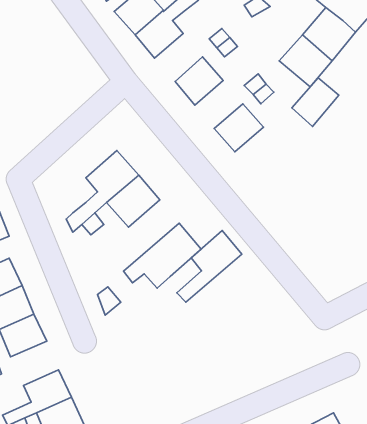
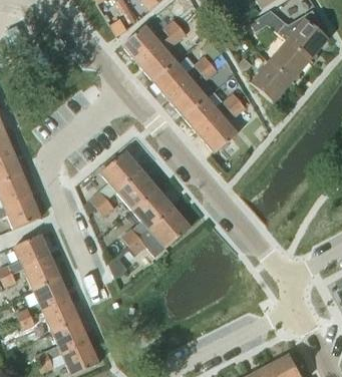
building: none -> [152,60,190,97]
building: [292,78,339,127] -> none
building: none -> [184,96,221,133]
building: [177,231,242,302] -> [121,188,172,244]
building: none -> [41,298,78,332]

